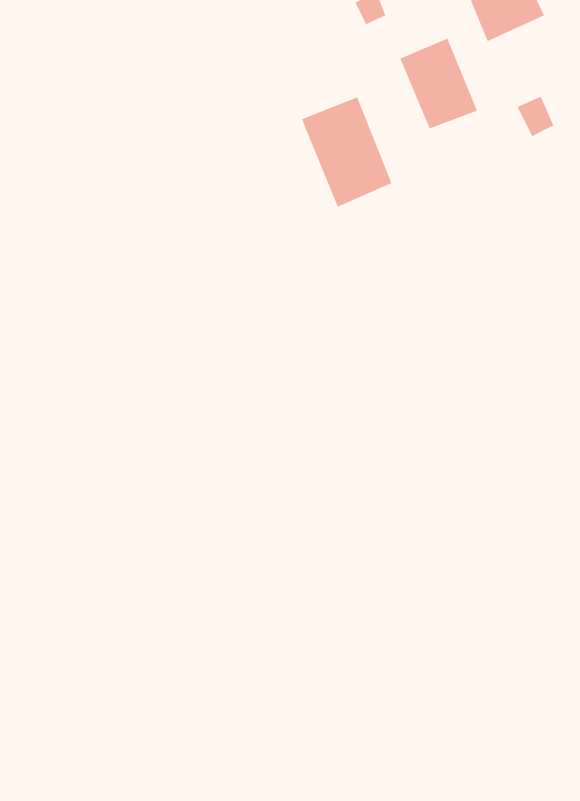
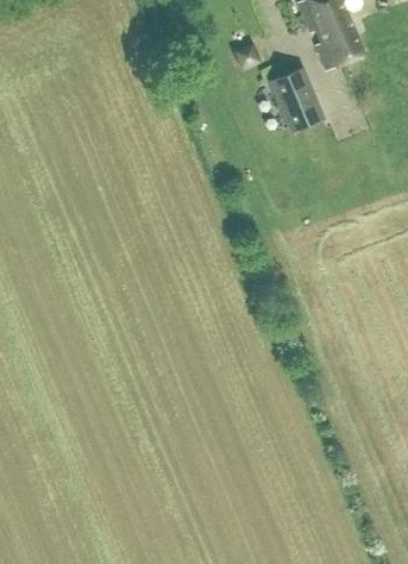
building: [301,97,392,207] -> none

